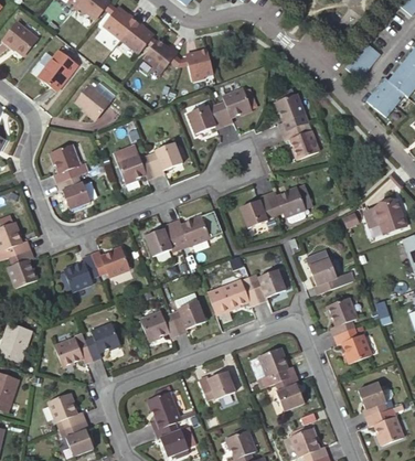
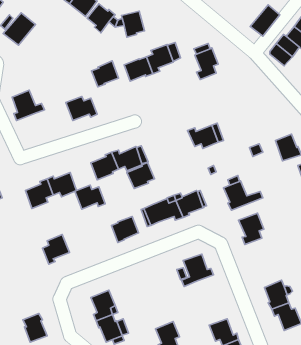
building: [76,85,110,119] -> none
building: [281,125,317,157] -> none
building: [147,143,180,175] -> [92,61,118,87]
building: [55,174,88,210] -> none
building: [241,195,275,227] -> [127,163,155,189]
building: [142,310,180,340] -> [75,185,105,209]
building: [337,328,373,361] -> none
building: [56,337,95,366] -> none
building: [199,371,234,399] -> none
building: [277,373,307,409] -> none
building: [47,394,83,428] -> none

